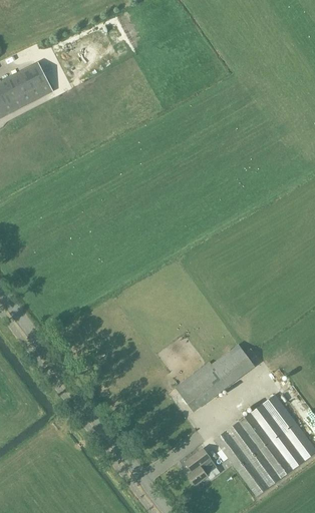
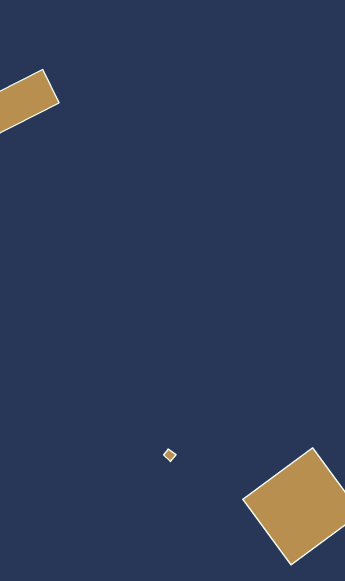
building: [175,343,255,411] -> none
building: [184,447,217,485] -> none

